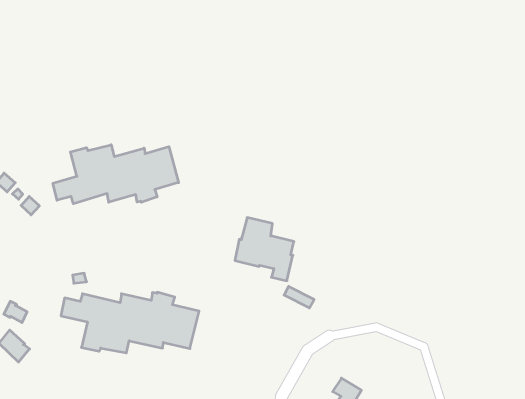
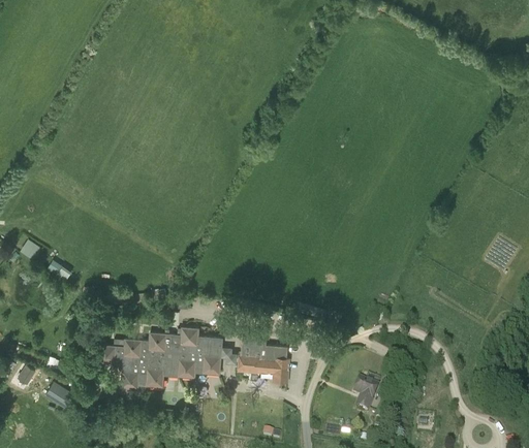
building: [53,145,179,204] -> none
building: [235,218,294,281] -> [238,331,289,383]

